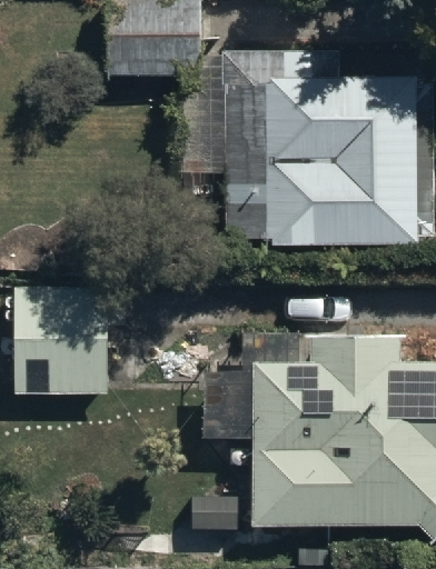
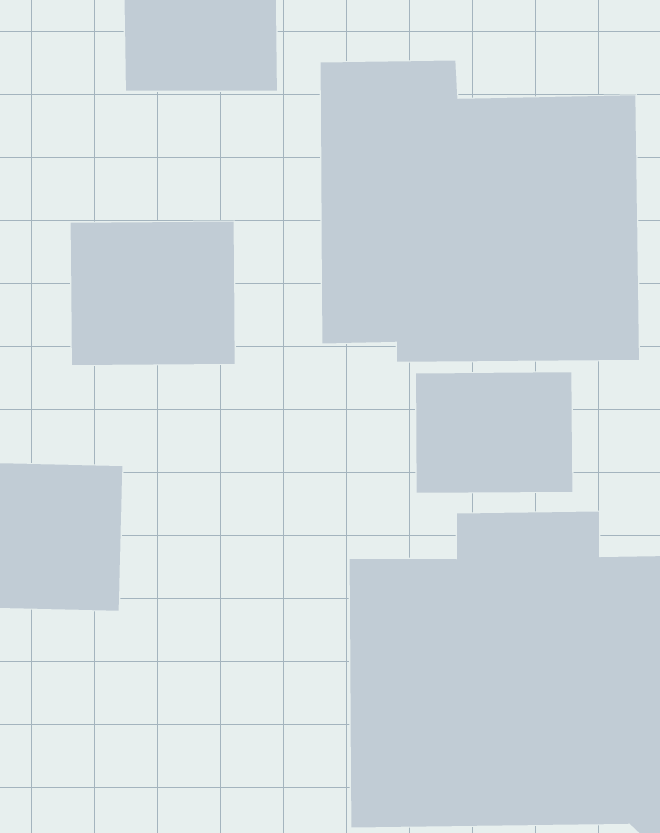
building: none -> [70,221,235,366]
building: none -> [415,372,573,494]

